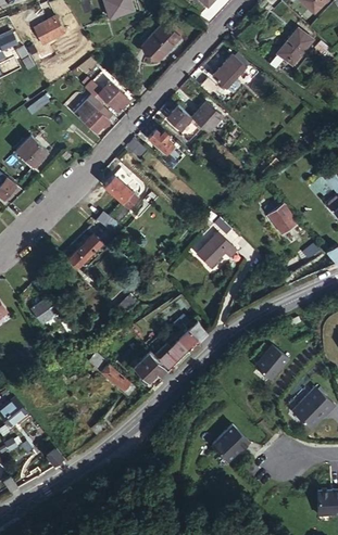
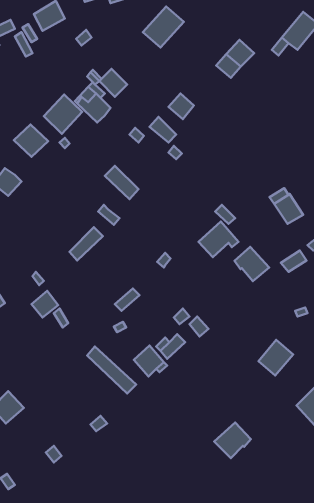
building: [191,100,223,131] -> none
building: none -> [44,94,82,134]
building: none -> [235,247,269,281]

